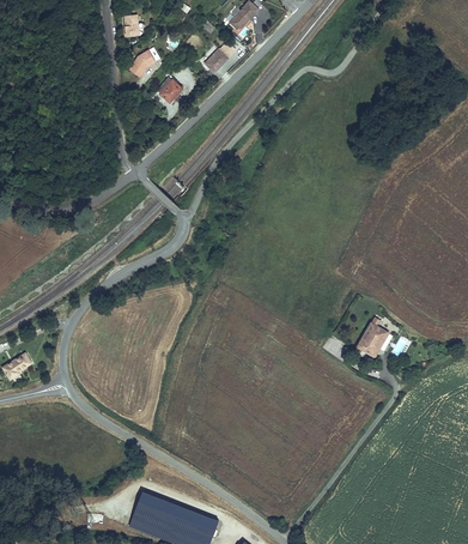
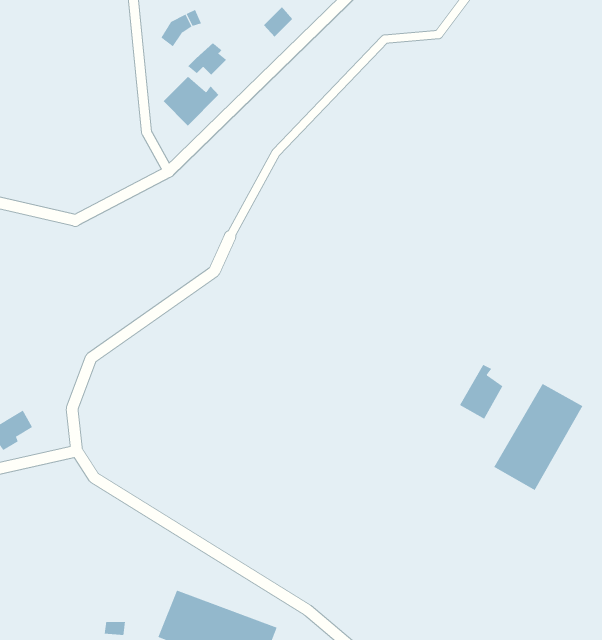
building: none -> [163,76,219,127]
building: none -> [494,383,583,491]

